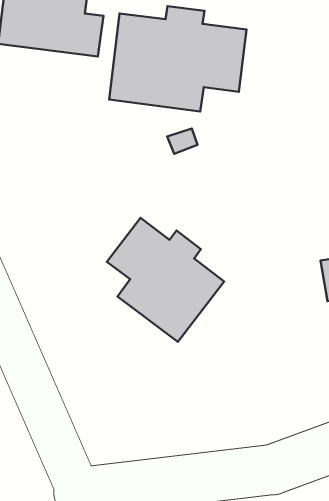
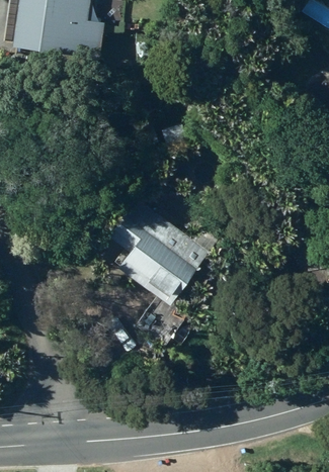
building: [109,6,247,112] -> none

